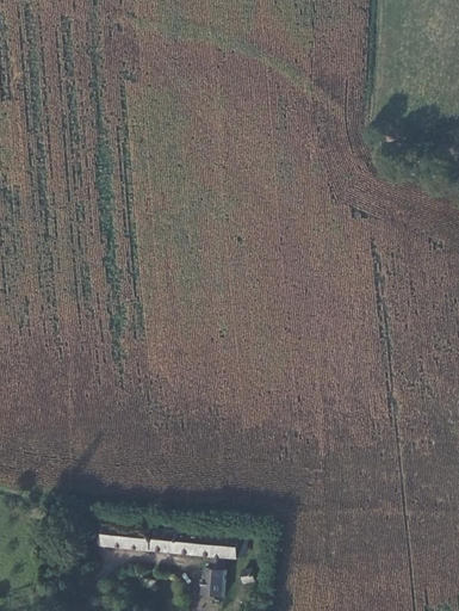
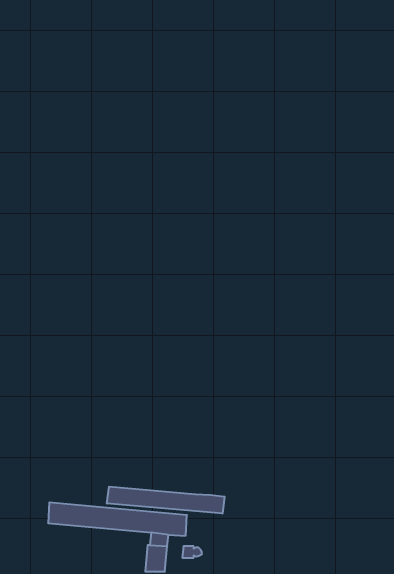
building: none -> [107,487,225,514]

